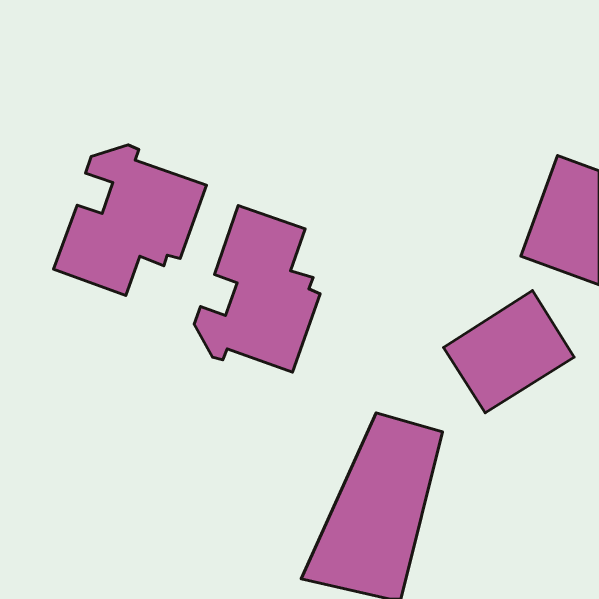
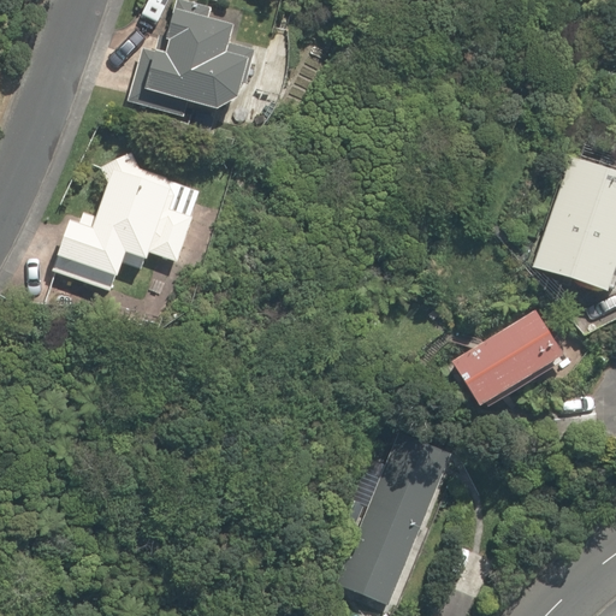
building: none -> [125,7,272,131]
building: [194,205,320,372] -> none

